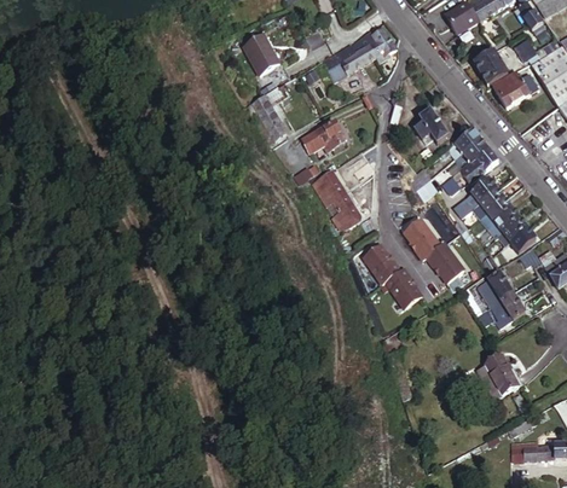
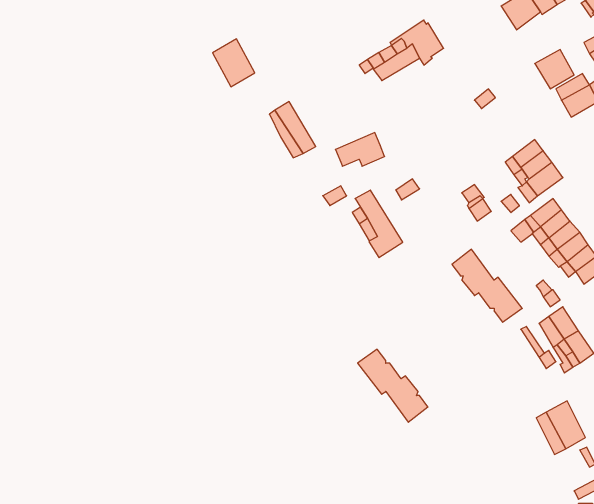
building: [244,35,280,76] -> [213,39,255,87]
building: [415,108,449,143] -> none
building: [363,245,423,308] -> [358,349,428,422]

